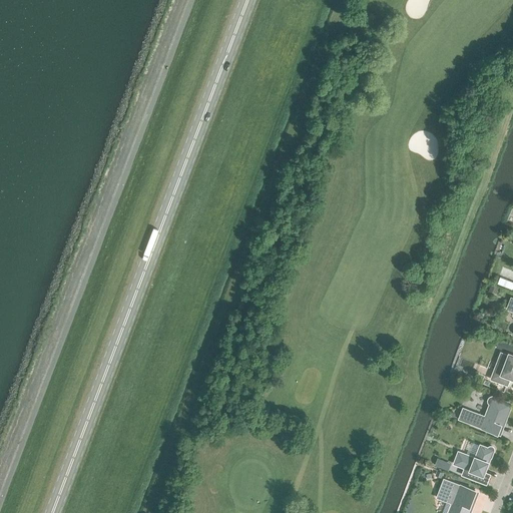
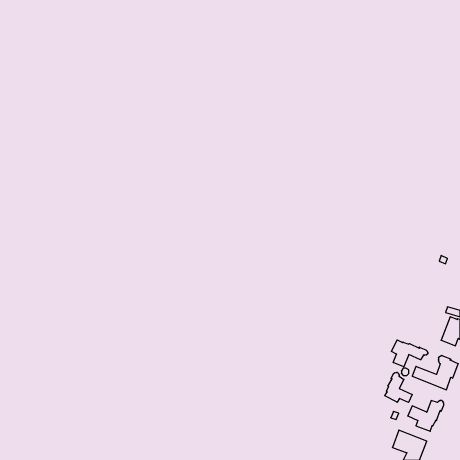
building: none -> [391,340,428,367]
building: none -> [385,372,412,402]

